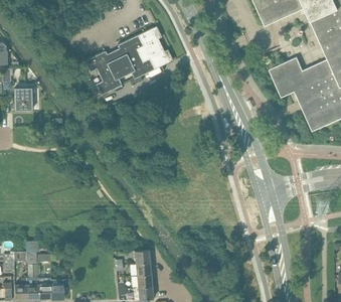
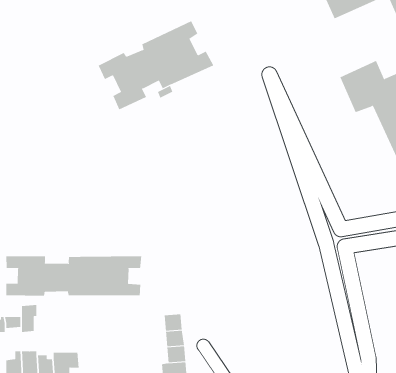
building: [14,89,33,112] -> none
building: none -> [6,256,142,296]

